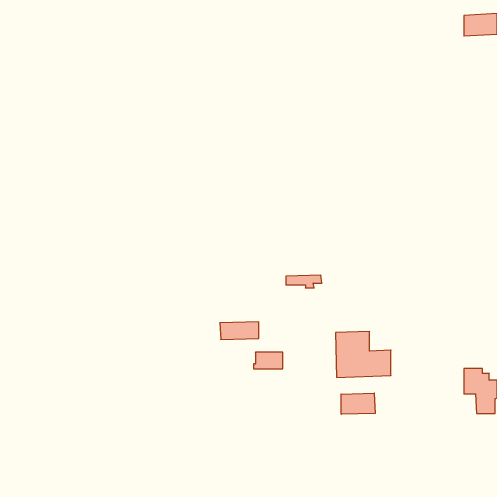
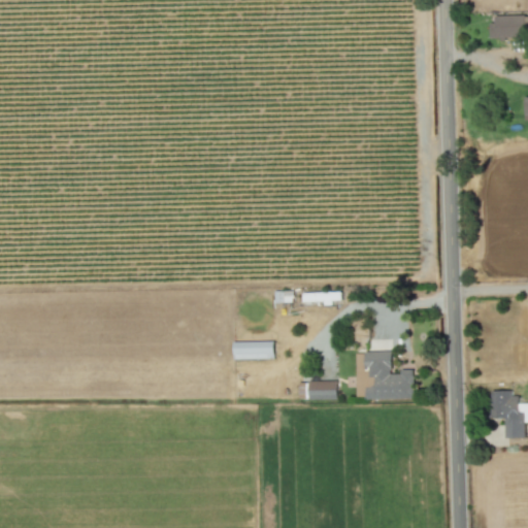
building: [254,352,283,369] -> [306,382,337,399]
building: [341,393,375,414] -> none

